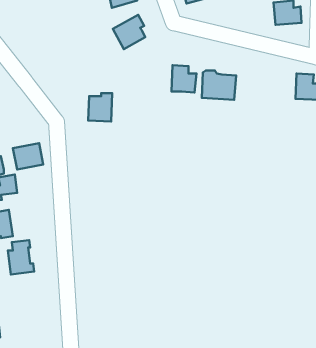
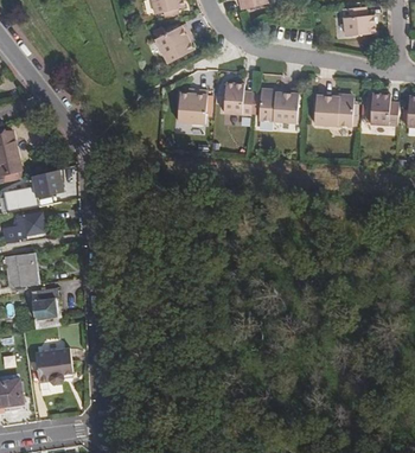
building: none -> [313,94,355,127]
building: [88,93,112,122] -> [178,90,206,123]
building: none -> [36,346,74,383]

